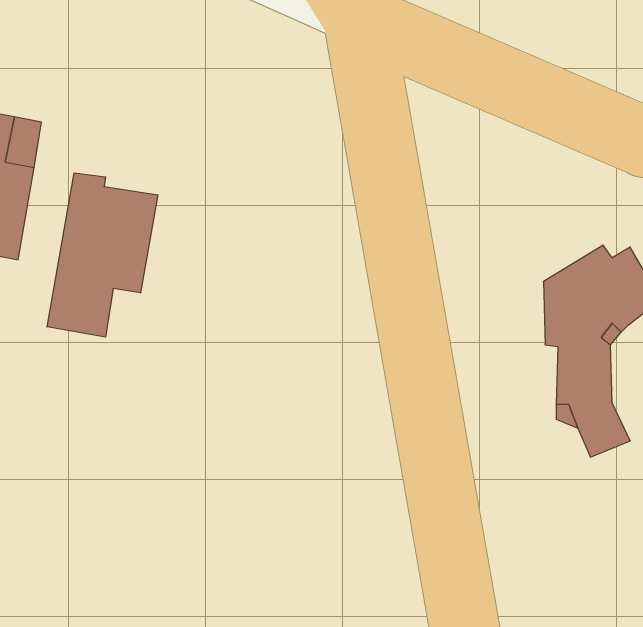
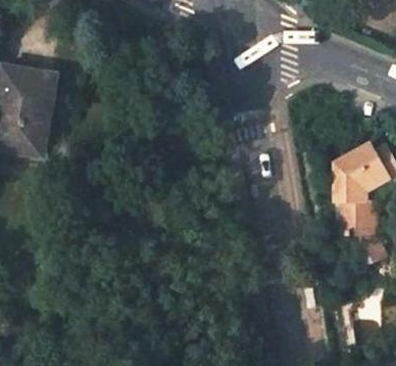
building: [47,173,158,337] -> none

